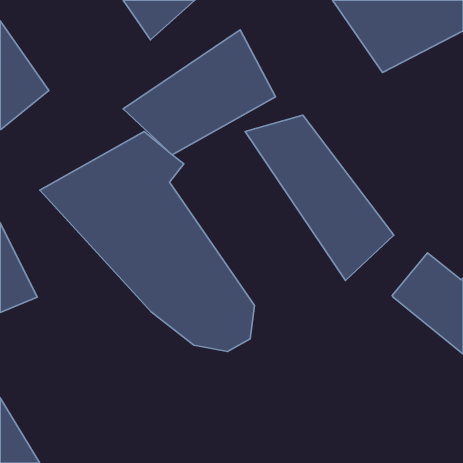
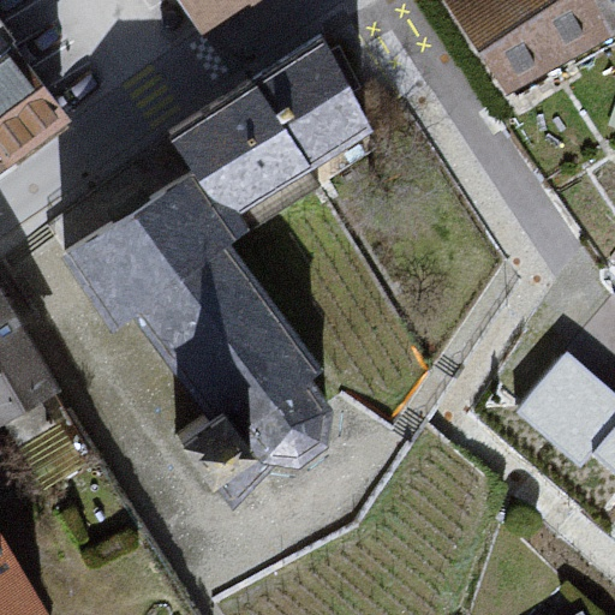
building: [245,115,394,280] -> none

